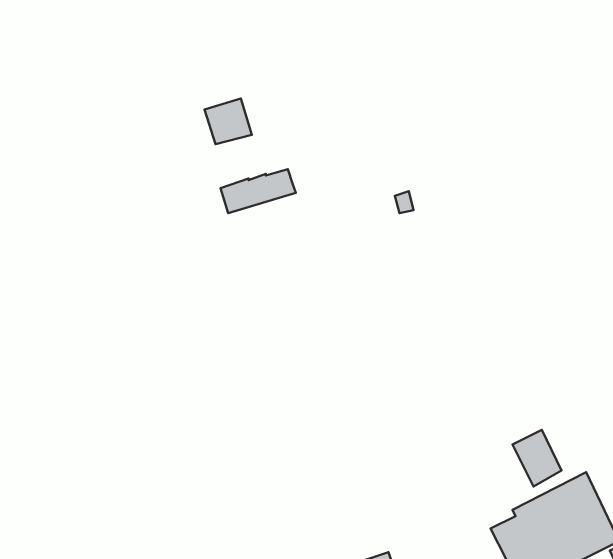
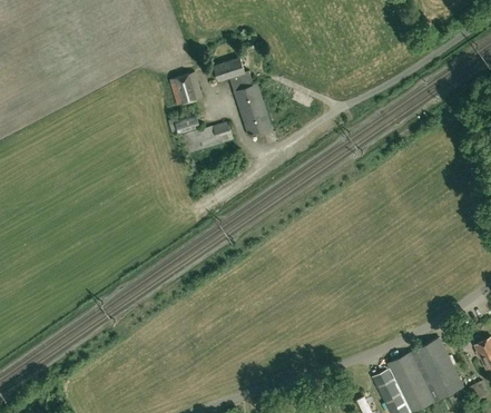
building: none -> [214,58,272,135]
building: [512,430,562,487] -> none

